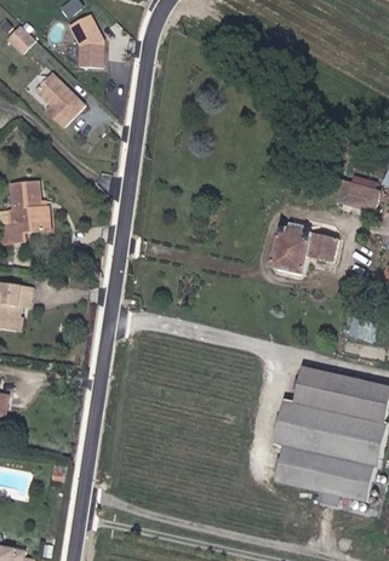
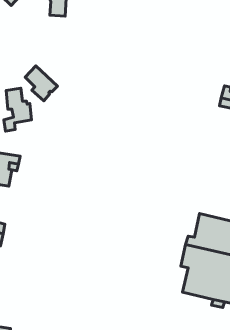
building: [35,78,84,130] -> [25,66,58,101]
building: [267,224,332,273] -> none

